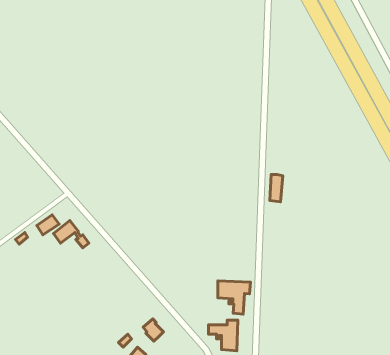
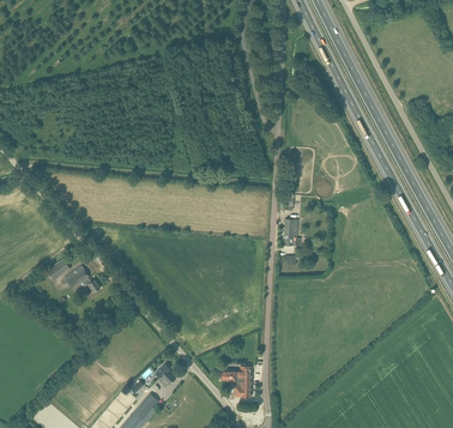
building: [218,281,251,314] -> none

